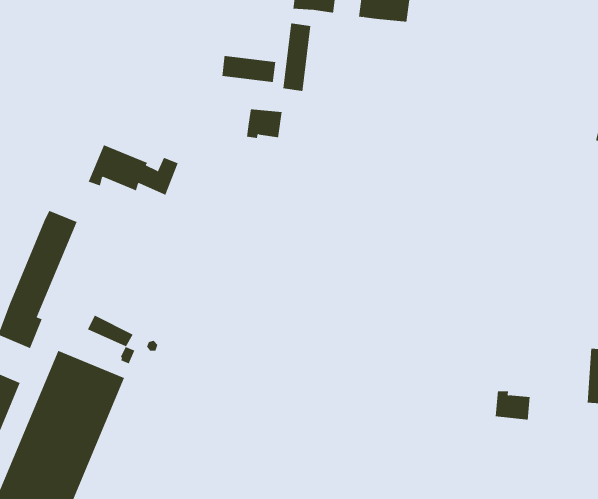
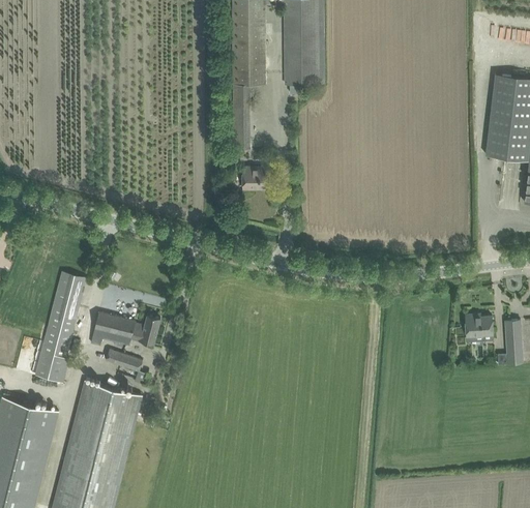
building: [222,55,276,83] -> none
building: [246,109,282,139] -> [242,166,268,189]
building: [88,145,178,195] -> [90,311,159,345]
building: [495,391,530,420] -> [465,313,493,335]

